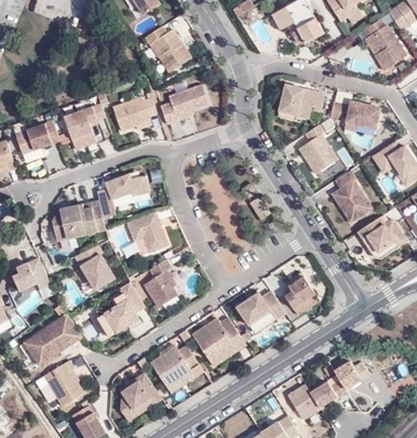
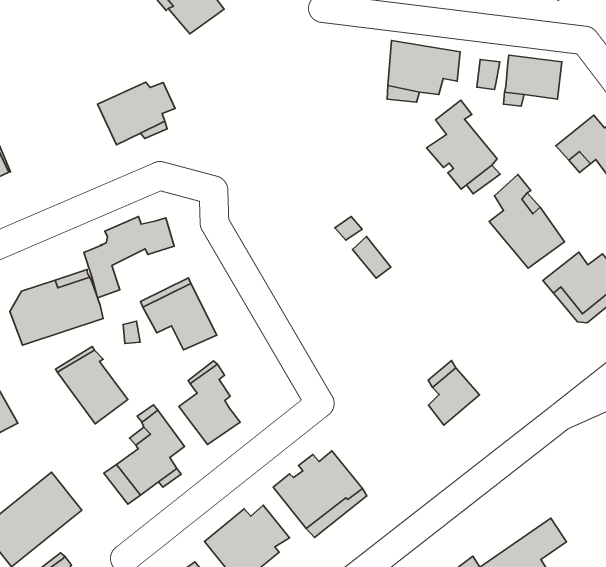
building: [160,84,210,125] -> none
building: [64,104,104,150] -> none
building: [237,290,286,324] -> none

